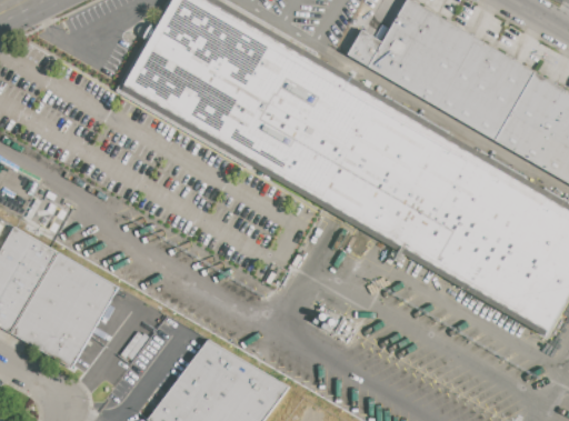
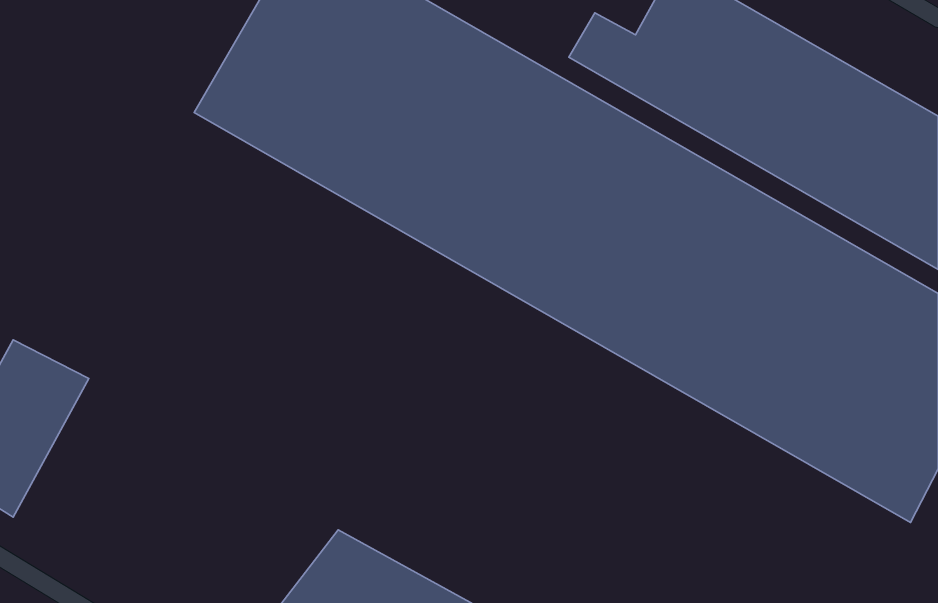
building: [11,250,119,368] -> none

